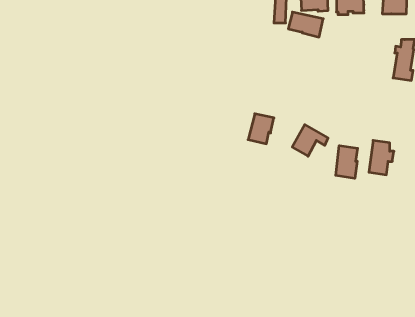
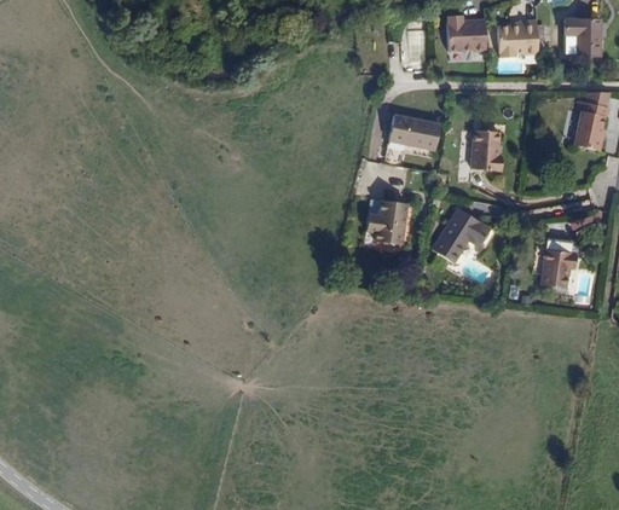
building: [288,12,323,37] -> [389,114,440,150]
building: none -> [469,129,499,170]
building: [336,146,358,178] -> none

